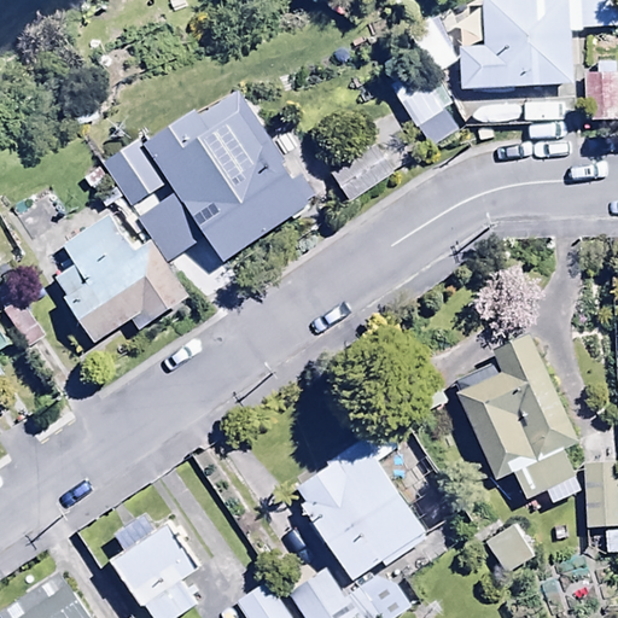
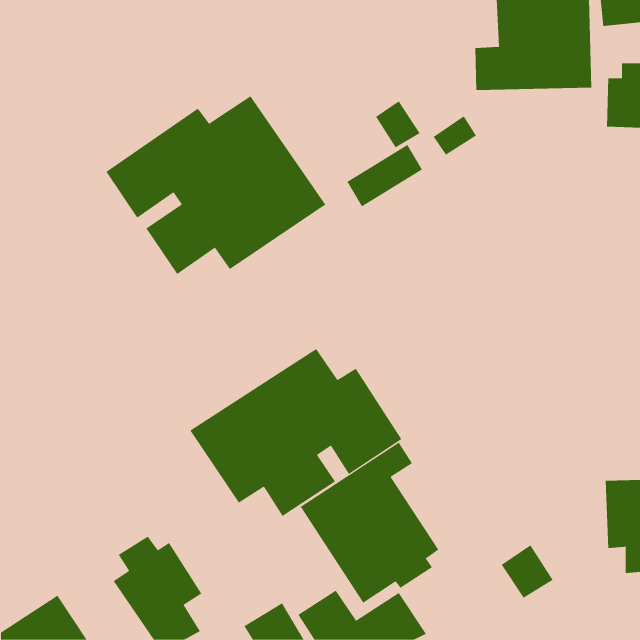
building: [51,215,191,344] -> none
building: [455,332,578,499] -> none
building: none -> [190,348,402,517]

